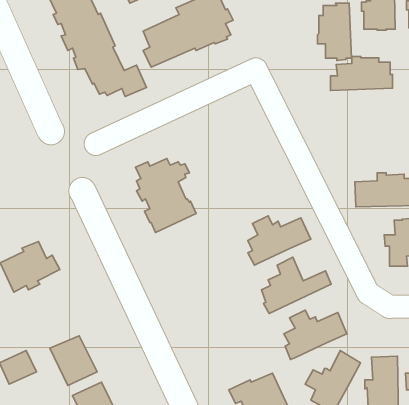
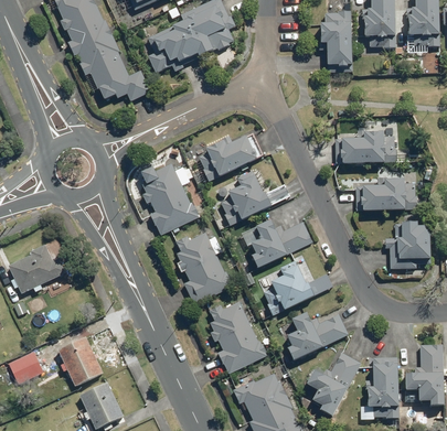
building: [331,57,392,90] -> [336,130,396,163]
building: none -> [199,132,263,181]
building: none -> [221,170,289,225]
building: none -> [175,231,233,303]
building: none -> [209,301,266,373]

